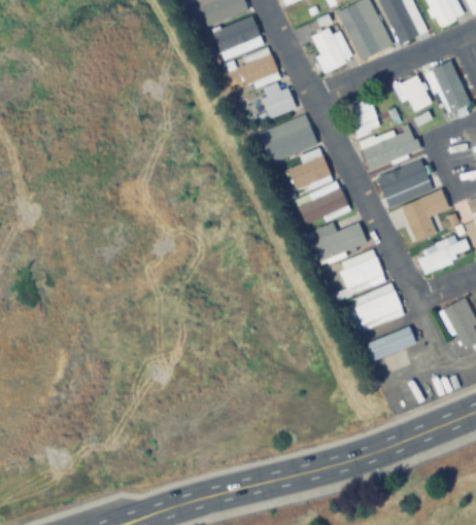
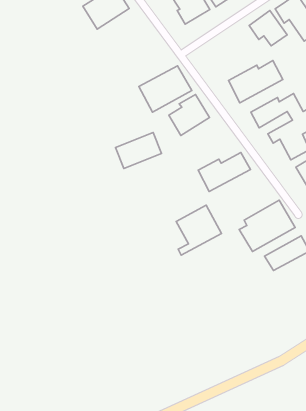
building: [239,50,278,83] -> none
building: [261,83,297,118] -> none
building: [348,96,379,133] -> none
building: [297,185,346,219] -> [116,132,162,168]
building: [335,248,385,299] -> [176,205,221,255]

